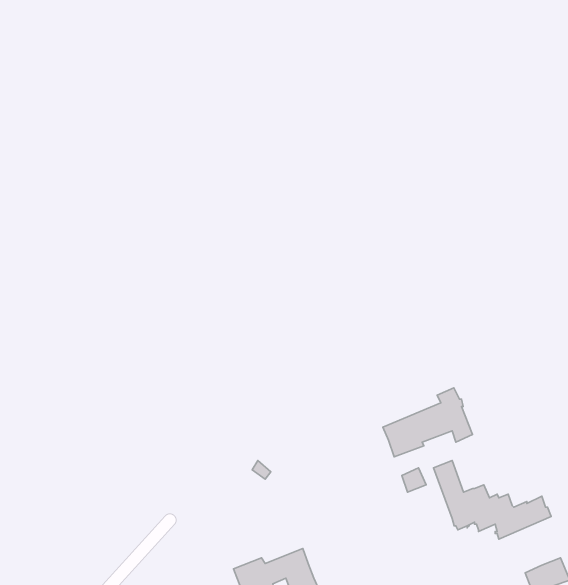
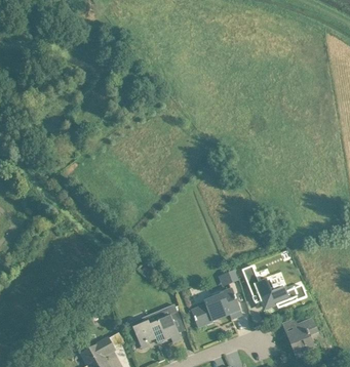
building: [383,388,473,457] -> [191,289,240,327]

